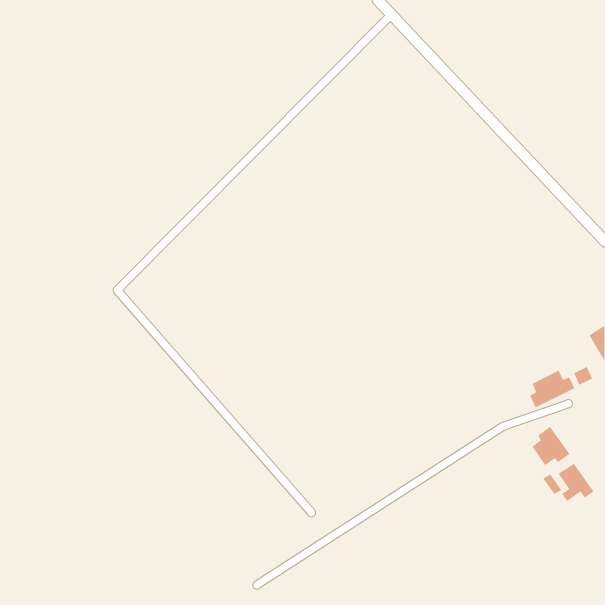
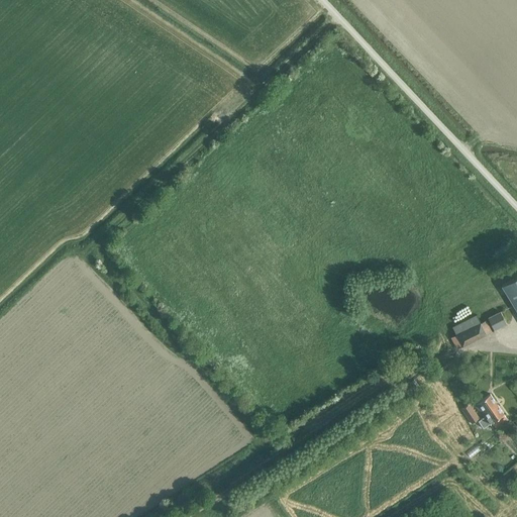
building: [532,426,570,466] -> none

